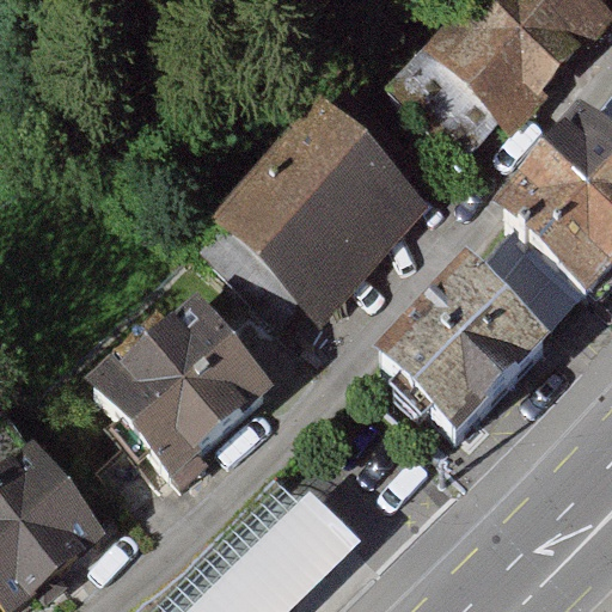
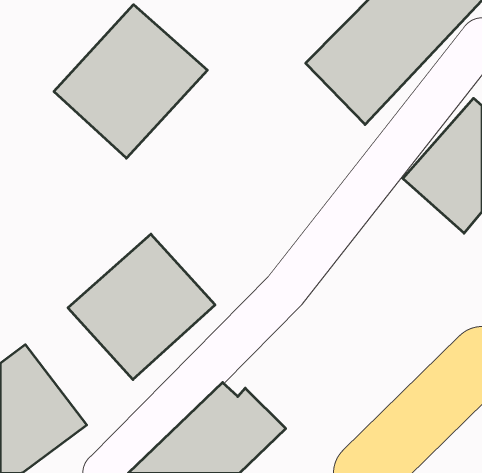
building: none -> [54,5,207,158]
building: [212,90,427,306] -> none
building: [388,273,553,436] -> none

